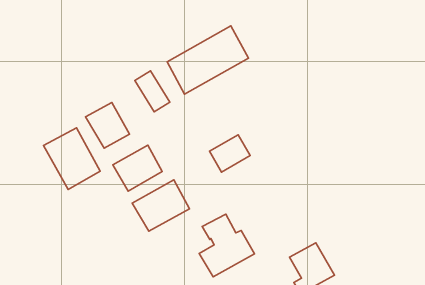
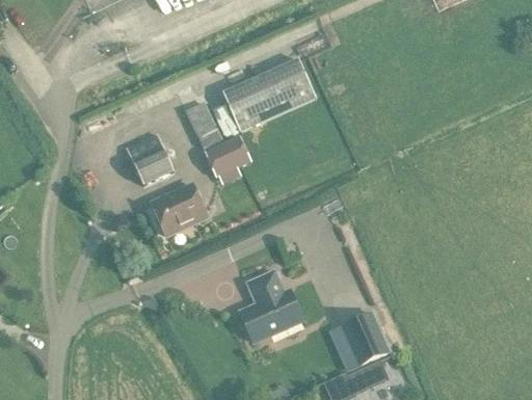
building: [43,128,100,189] -> none
building: [209,135,250,172] -> [206,135,251,176]
building: [132,180,190,231] -> none

